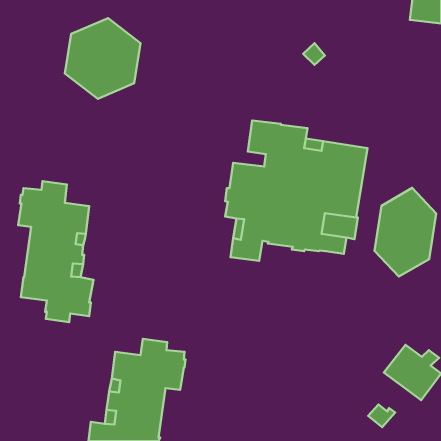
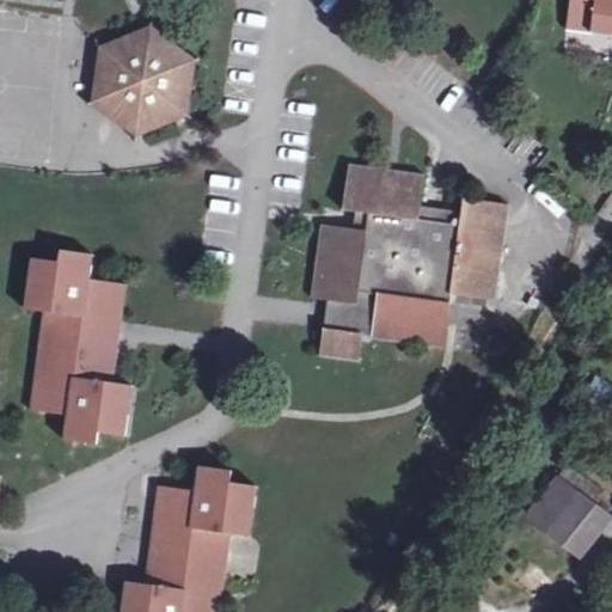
building: [375,188,436,277] -> none

